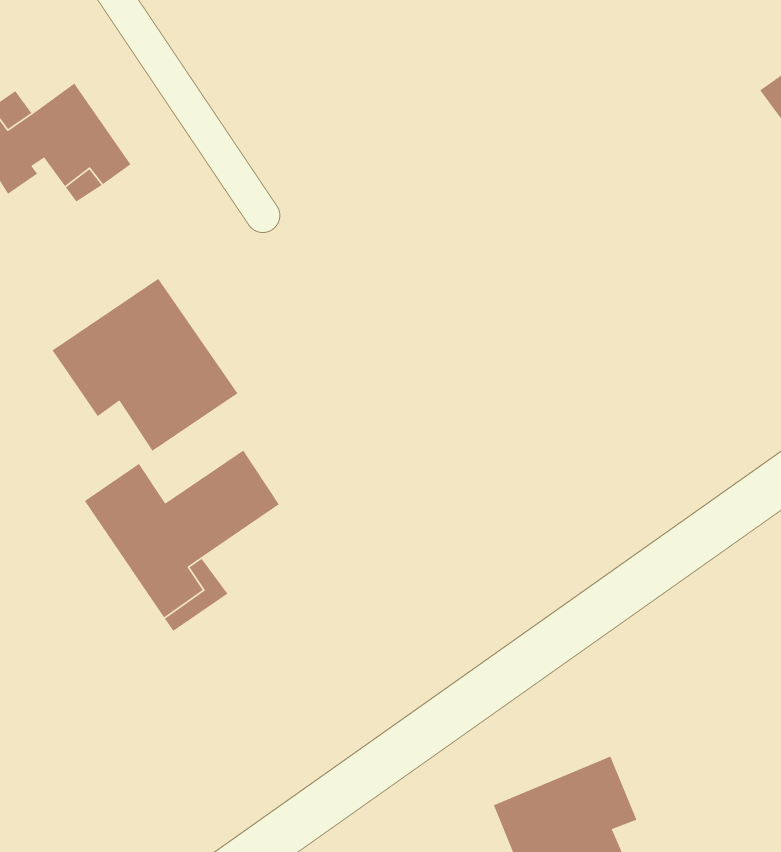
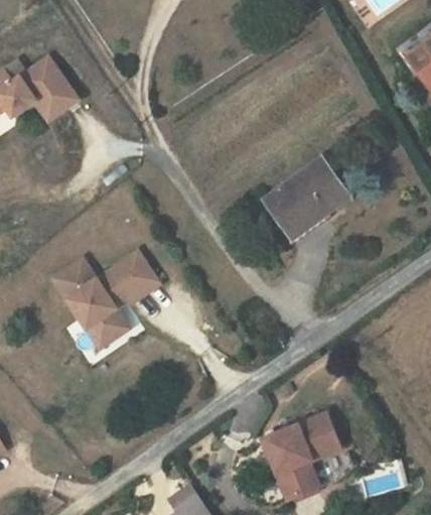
building: [51,278,239,452] -> none
building: none -> [264,160,349,241]

